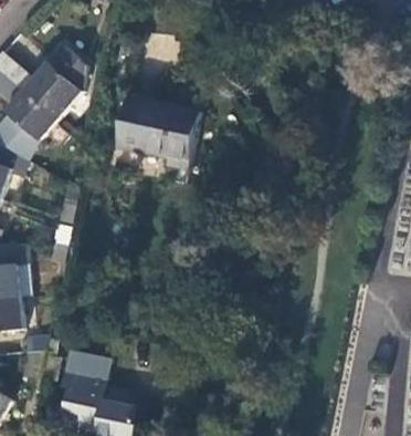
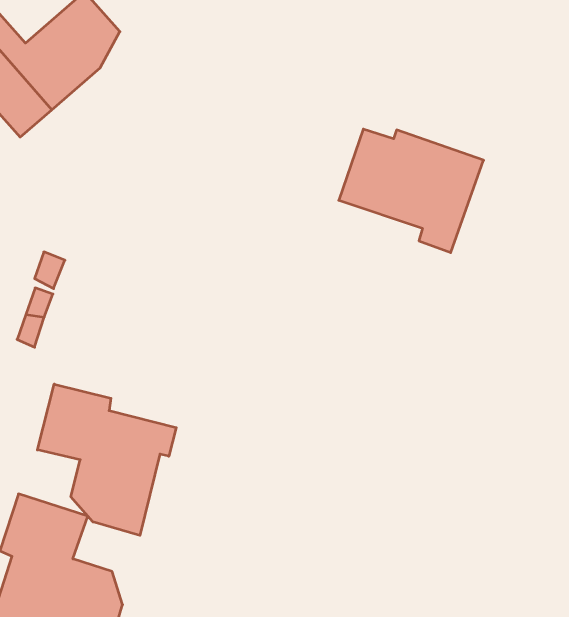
building: [118,100,201,168] -> [339,129,484,253]
building: none -> [37,384,176,535]

